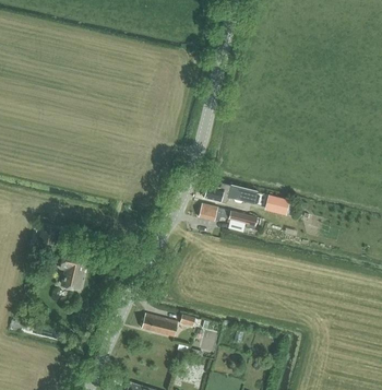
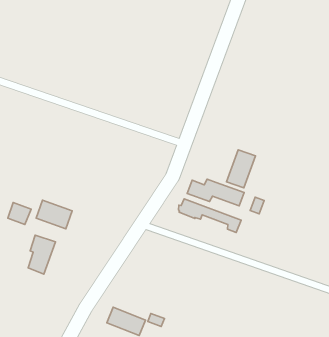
building: none -> [227,150,255,188]
building: none -> [36,200,72,229]

